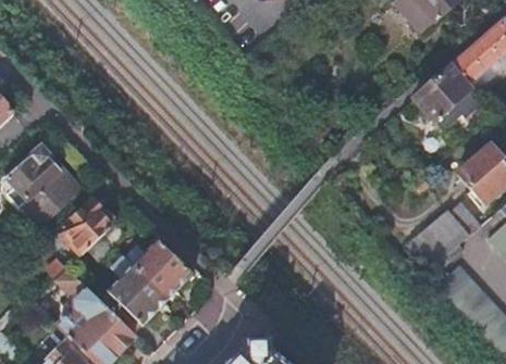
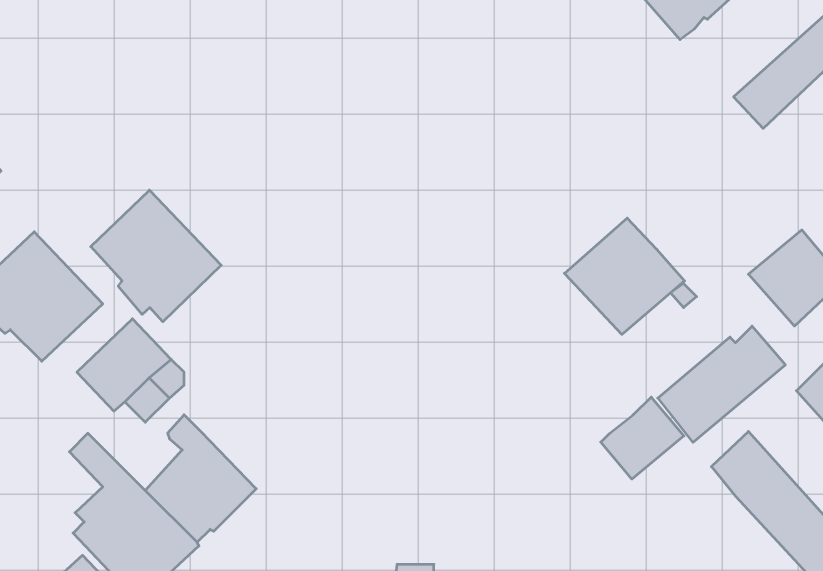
building: [411,67,482,136] -> [564,218,685,334]
building: none -> [91,190,221,322]
building: [135,238,194,298] -> none
building: none -> [601,397,684,479]

